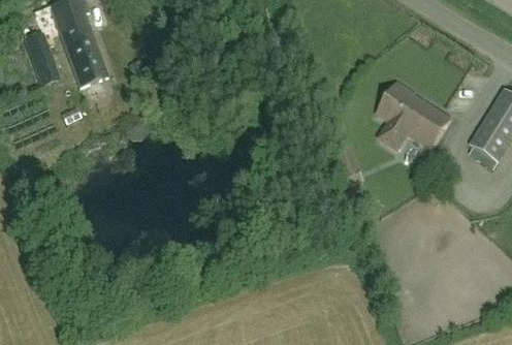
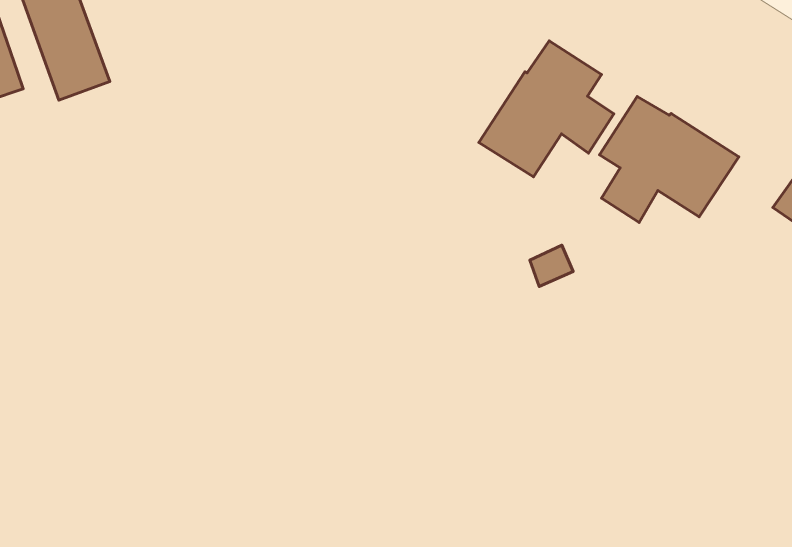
building: none -> [479,41,614,177]

